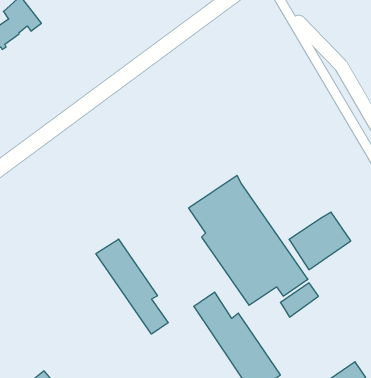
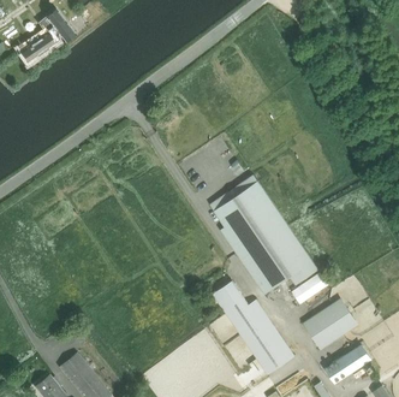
building: [289,212,351,270] -> [303,296,359,349]
building: [96,239,168,334] -> none

